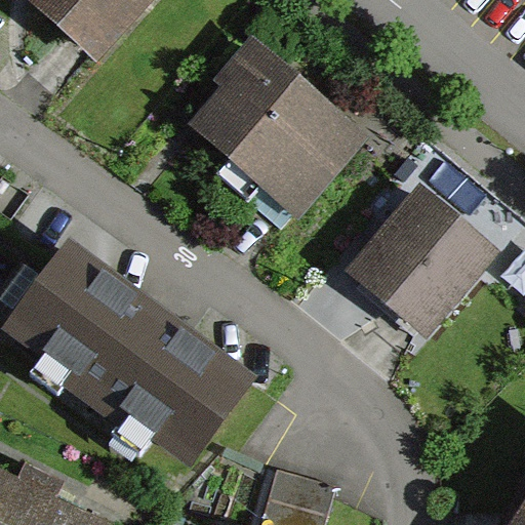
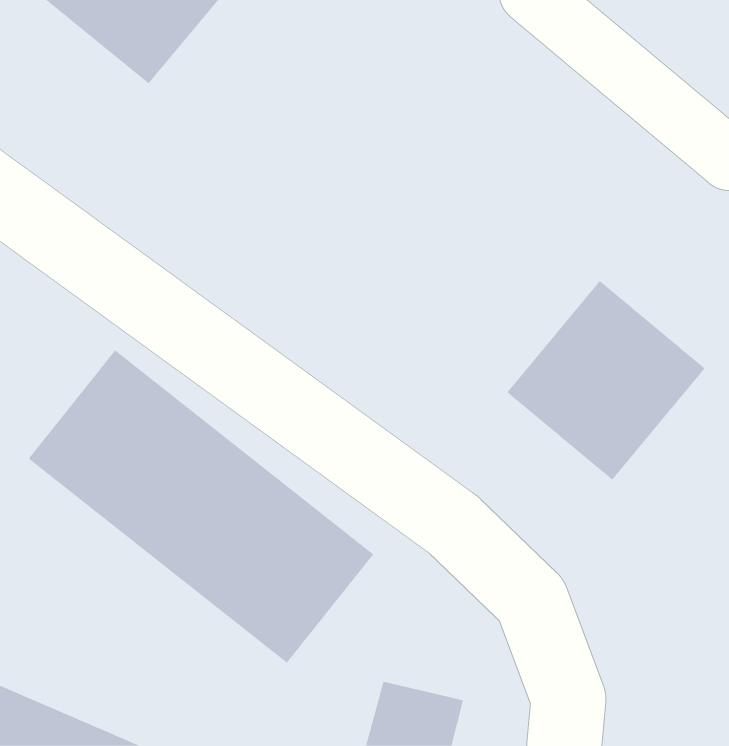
building: [188,49,358,214] -> none

